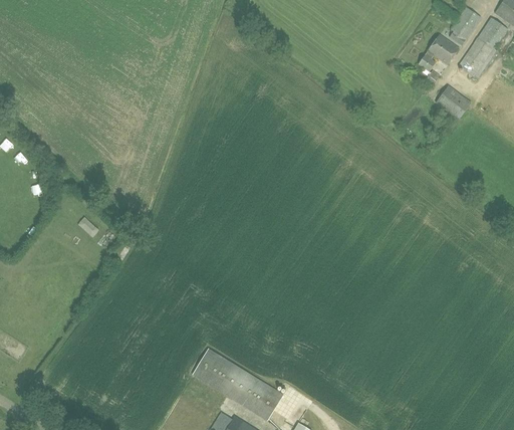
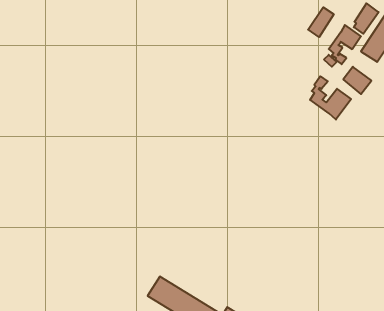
building: none -> [308,7,334,37]
building: none -> [310,76,351,120]

